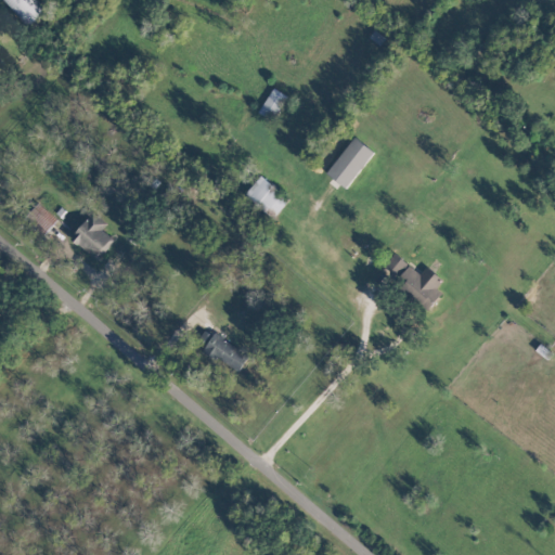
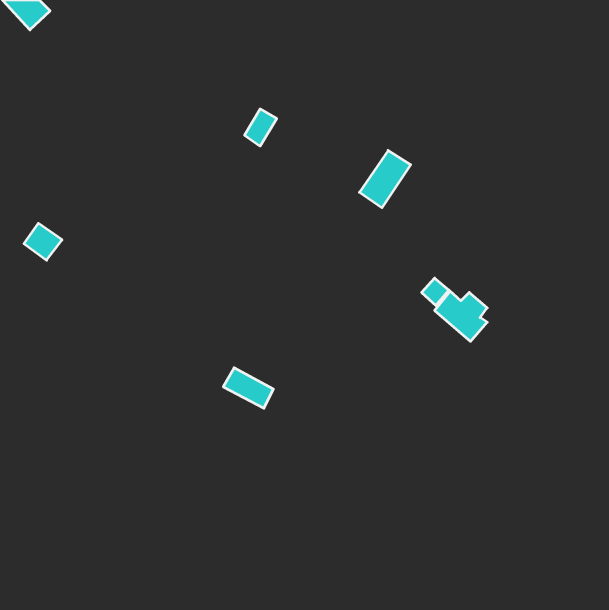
building: [258,88,287,121] -> [245,109,277,146]
building: [244,176,289,218] -> none
building: [70,211,114,260] -> none

